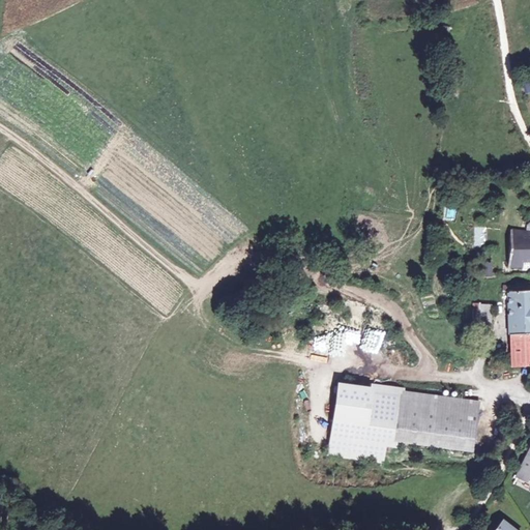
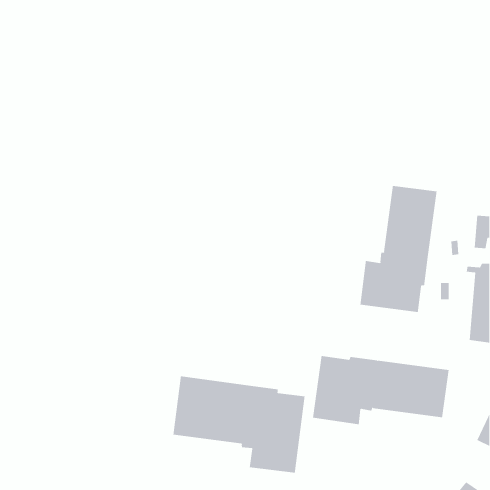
building: none -> [360,185,437,313]
building: none -> [173,376,305,474]

